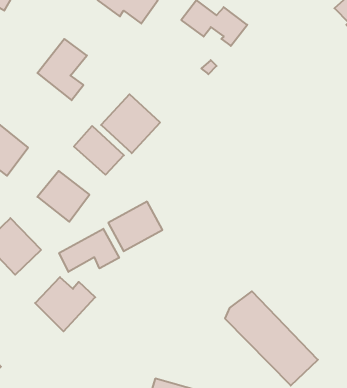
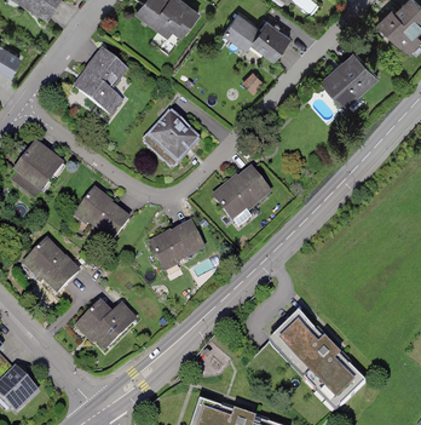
building: none -> [325,54,377,108]
building: [74,126,124,175] -> none
building: none -> [213,170,269,226]
building: [59,229,119,272] -> none

